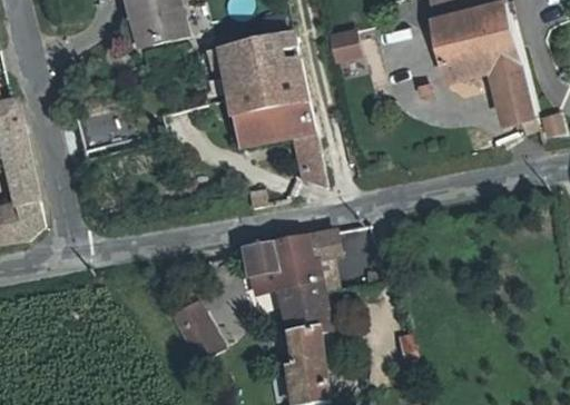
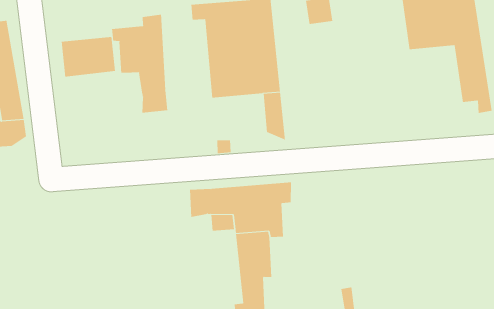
building: none -> [112,14,168,113]
building: [174,302,224,360] -> none

